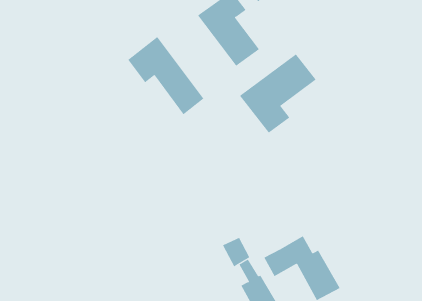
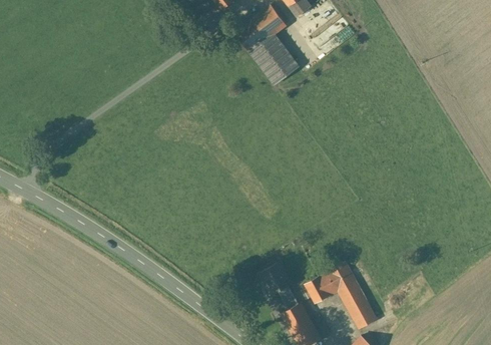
building: [128,36,204,115] -> none
building: [239,53,317,134] -> none

